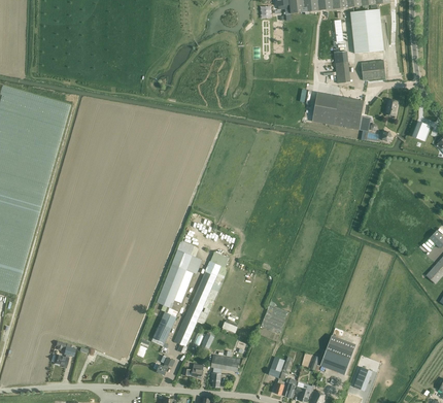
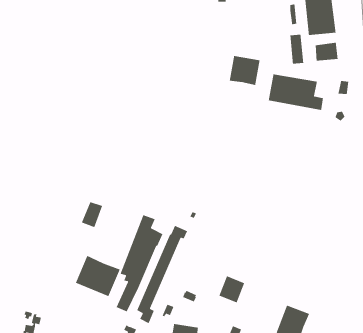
building: none -> [229,55,261,86]
building: none -> [81,201,103,228]
building: none -> [75,255,121,297]

